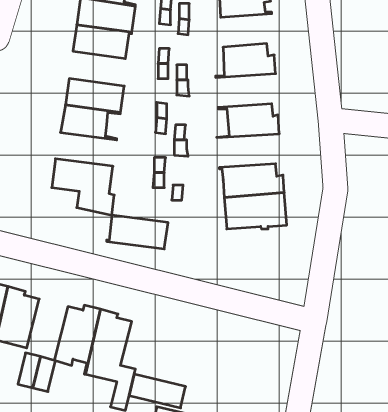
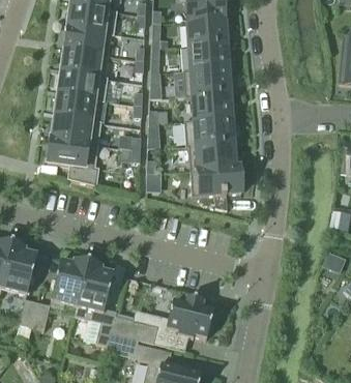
building: none -> [186,17,230,45]
building: none -> [61,48,108,77]
building: none -> [182,66,233,94]
building: none -> [183,116,236,144]
building: [107,215,168,249] -> [50,115,100,143]
building: none -> [166,296,213,336]

